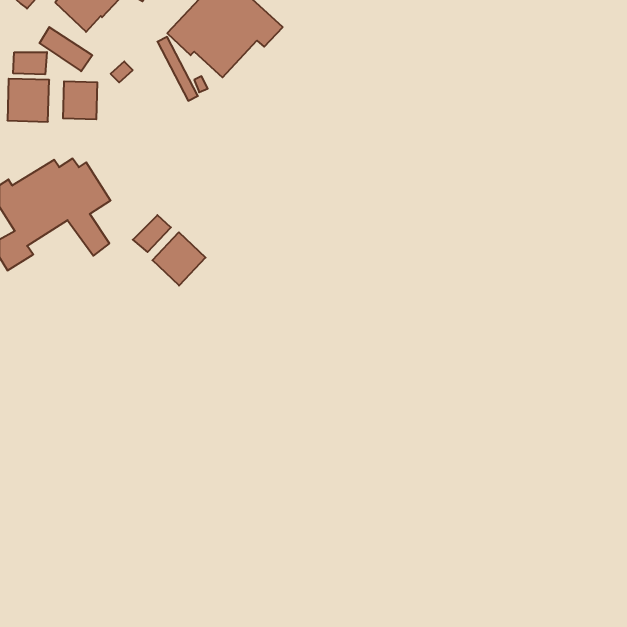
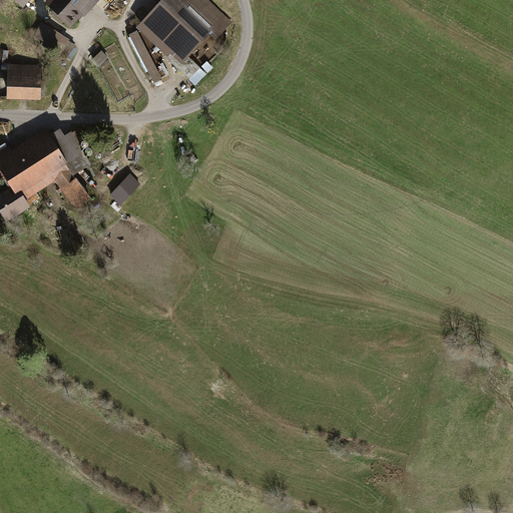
building: [13,52,47,74] -> none
building: [63,81,97,119] -> none
building: [152,232,206,286] -> none

